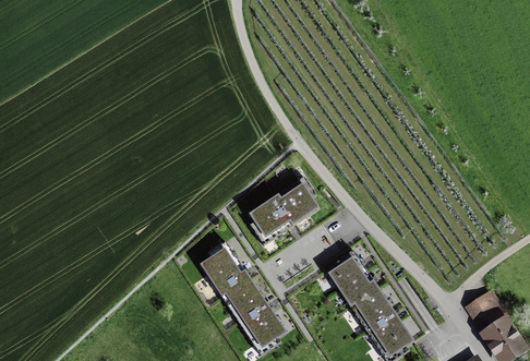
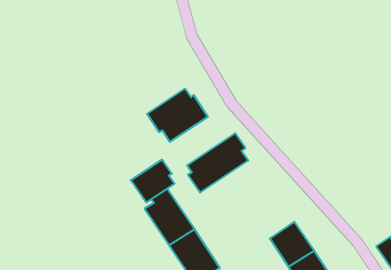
building: none -> [147,89,208,142]
building: none -> [131,160,175,202]
building: [328,249,373,298] -> none

